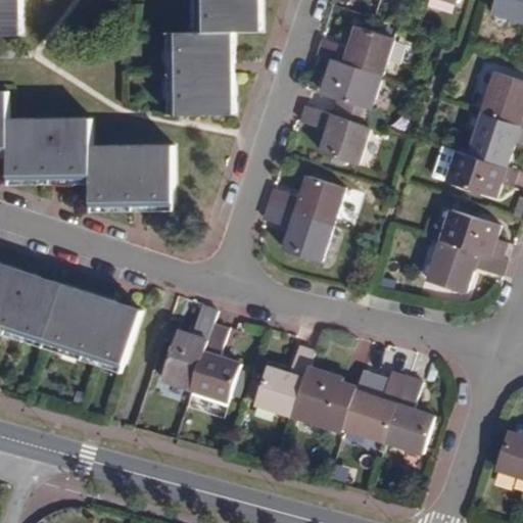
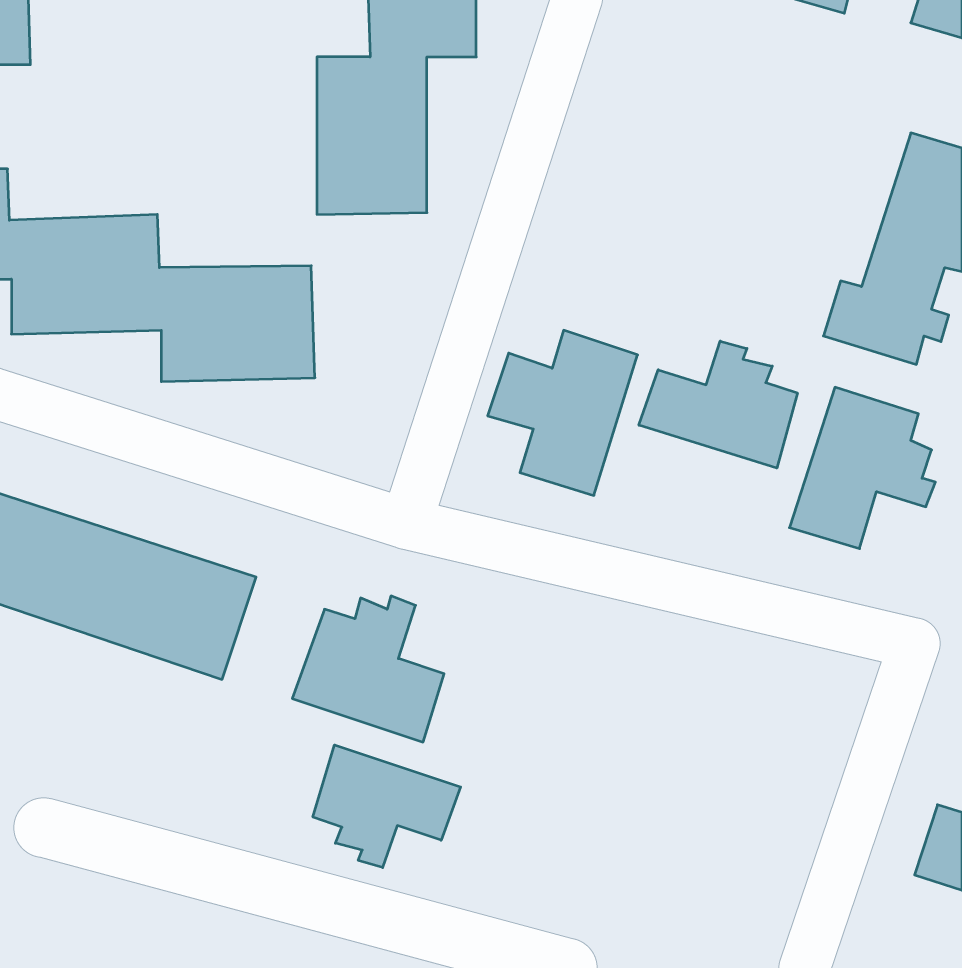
building: [305,26,401,172] -> none
building: none -> [639,341,797,468]
building: [253,344,434,454] -> none
building: none -> [313,745,461,868]

